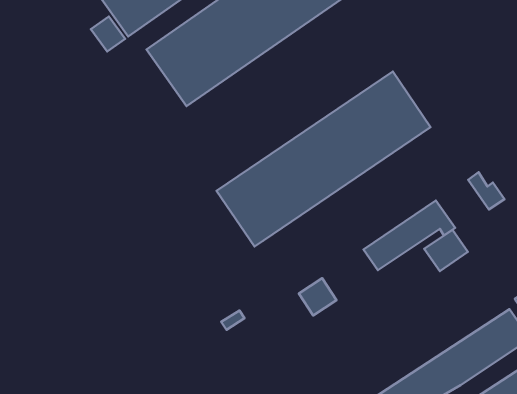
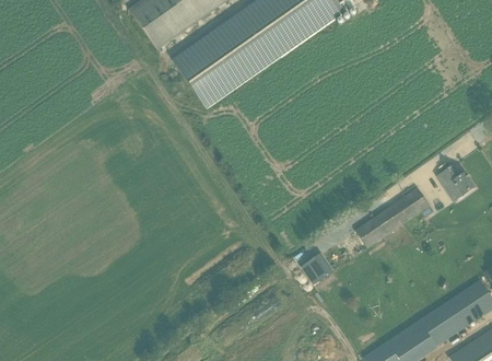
building: [91,17,125,52] -> none
building: [217,71,431,246] -> none
building: [424,230,468,271] -> none

